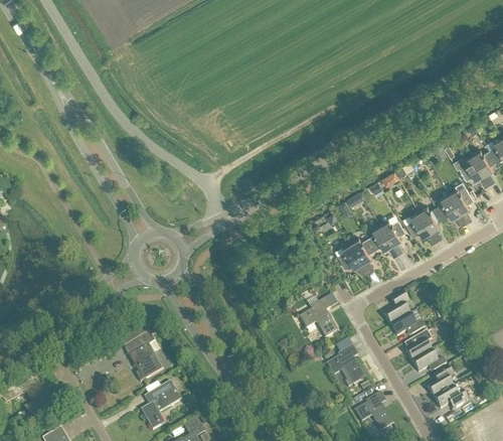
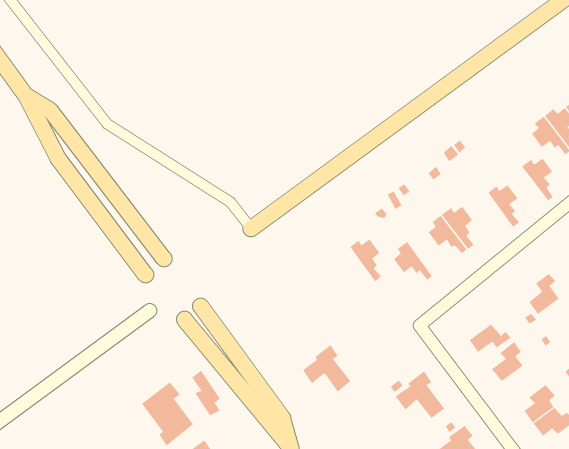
building: [436,191,466,225] -> none
building: [405,209,436,243] -> none
building: [350,236,374,271] -> [349,239,382,282]
building: [384,293,409,325] -> [528,273,559,315]
building: [299,299,337,338] -> [302,344,351,393]
building: none -> [191,370,220,416]
building: [412,350,446,373] -> none

